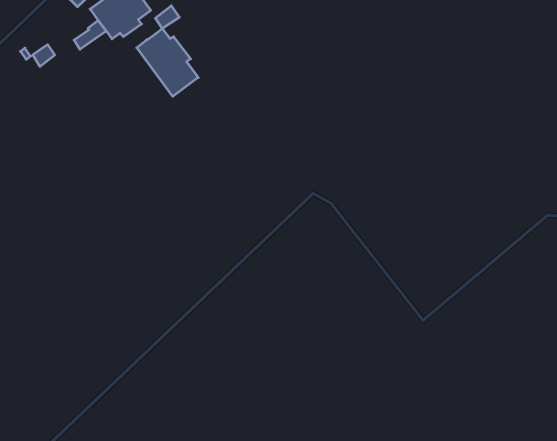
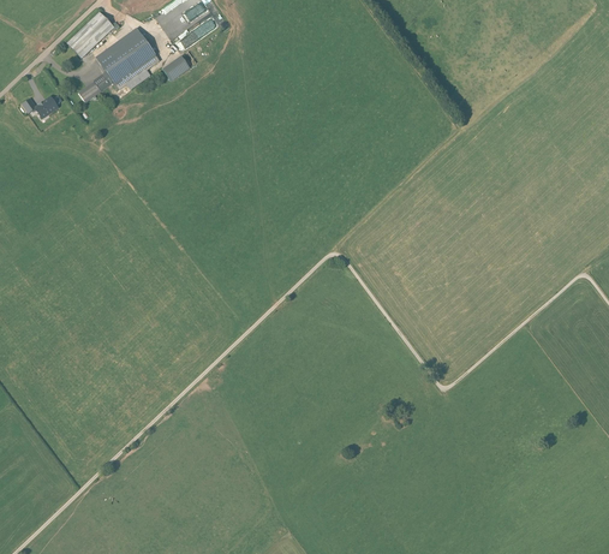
building: [137,29,198,96] -> none

